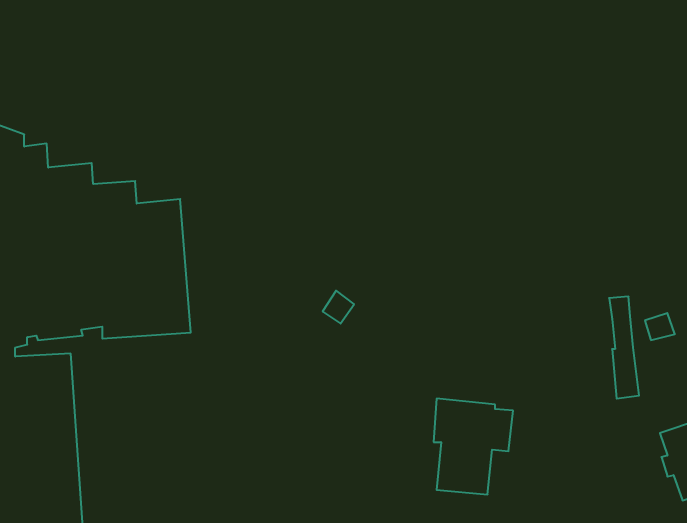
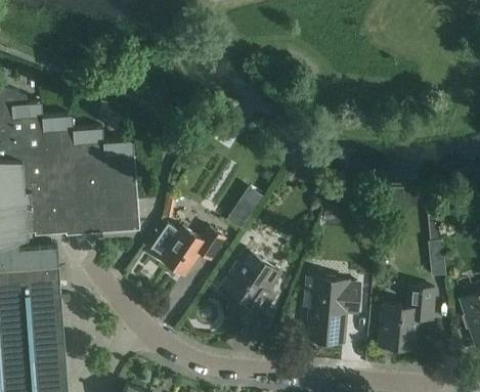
building: none -> [151,224,225,275]
building: none -> [222,251,280,324]
building: none -> [379,287,435,350]

